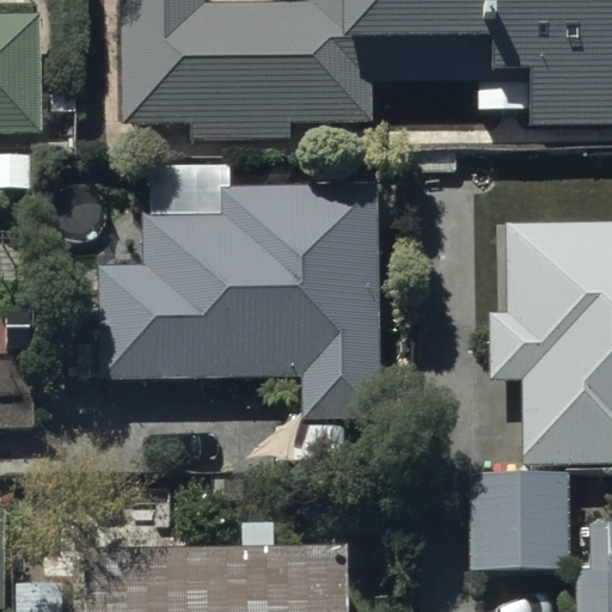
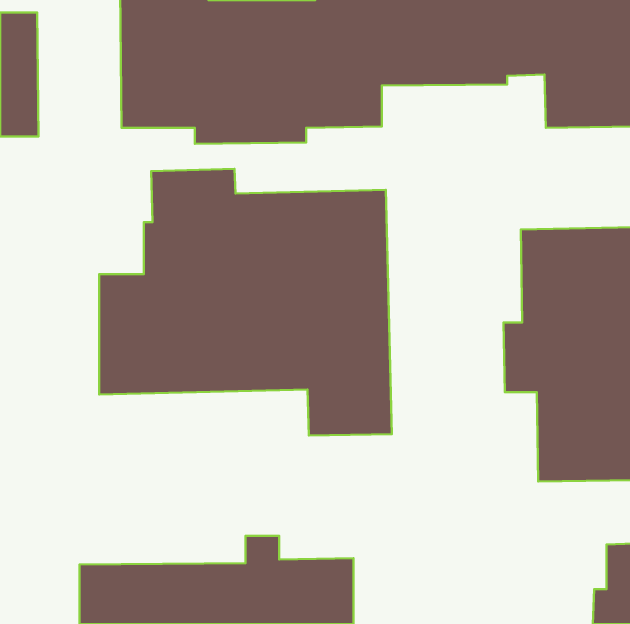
building: [469,471,571,570] -> none

